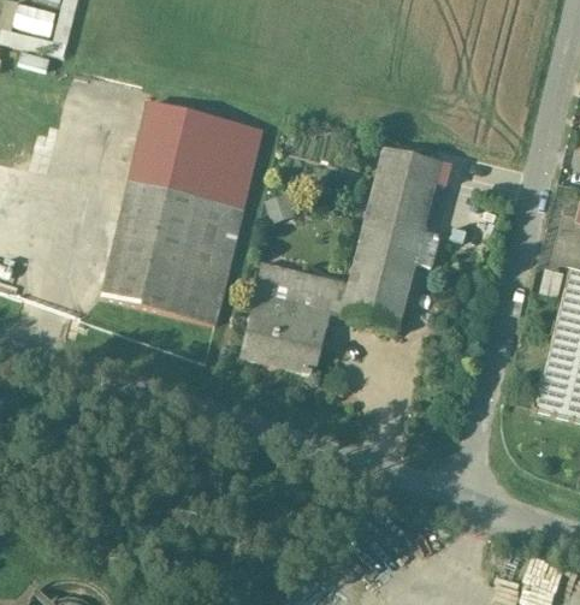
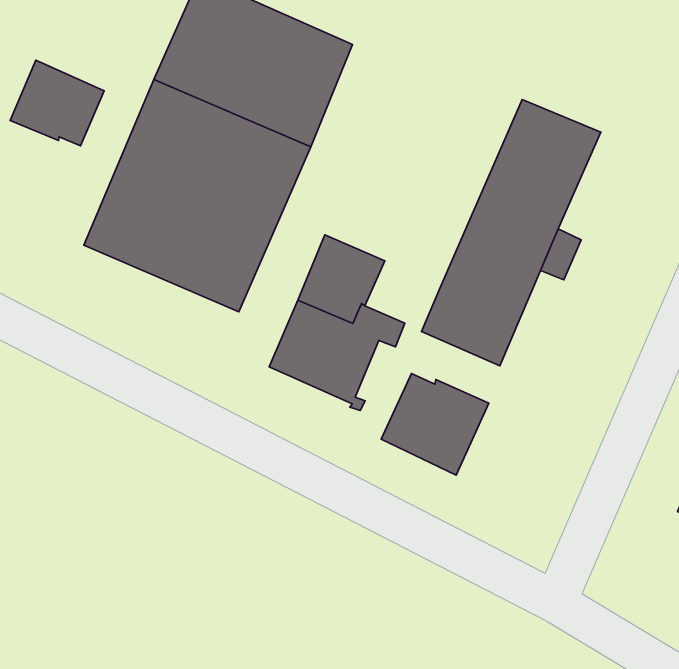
building: none -> [10,60,104,146]
building: [301,271,350,314] -> none
building: none -> [381,374,489,475]

